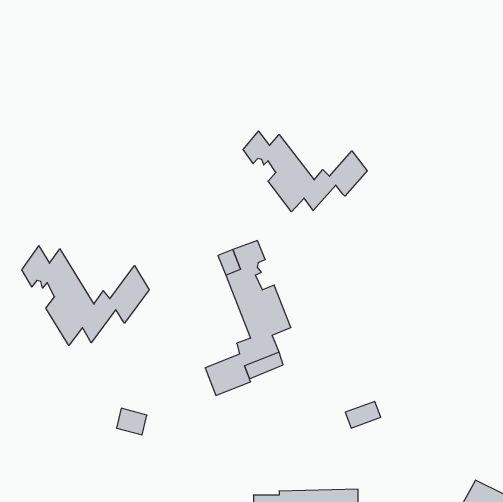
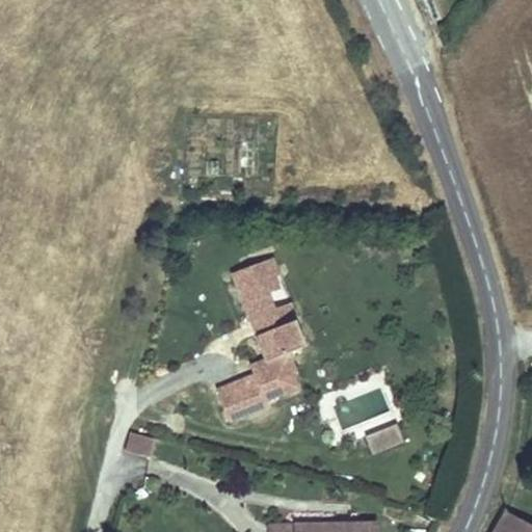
building: [243,131,367,212] -> none
building: [22,246,149,345] -> none
building: none -> [330,390,389,432]

